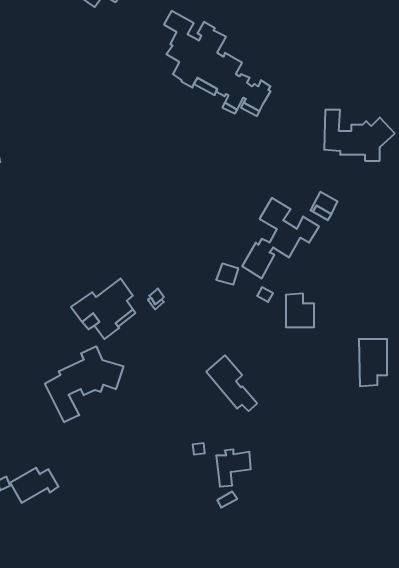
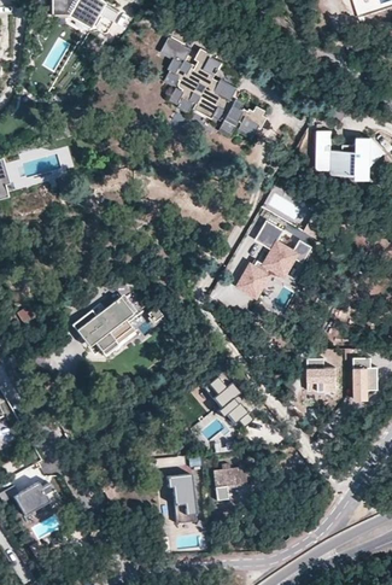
building: [286,294,314,327] -> [308,357,335,390]
building: [45,346,123,422] -> none
building: none -> [166,474,195,522]

